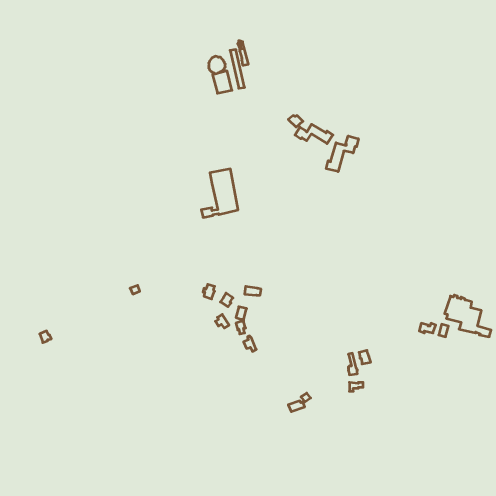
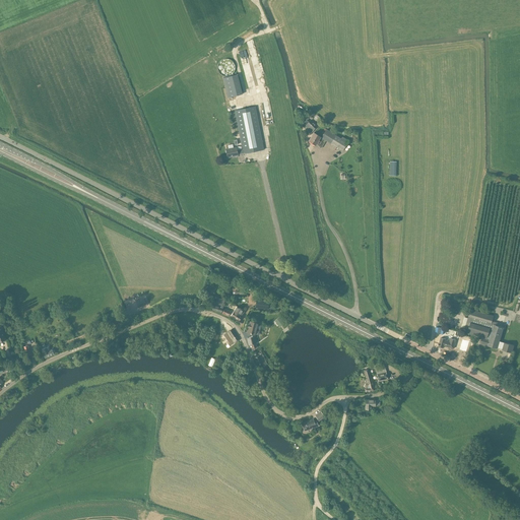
building: [326,136,358,172] -> none
building: [201,169,238,217] -> [225,107,264,157]

